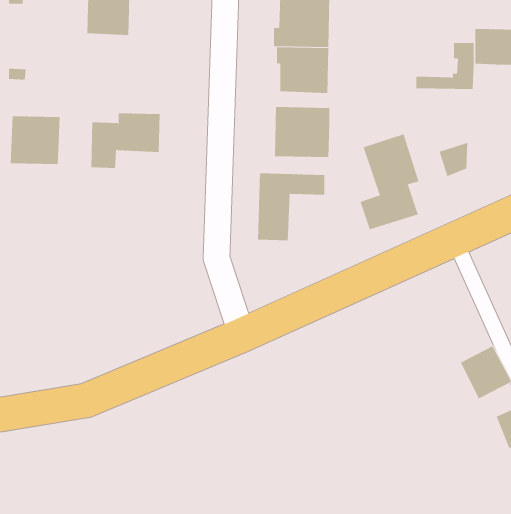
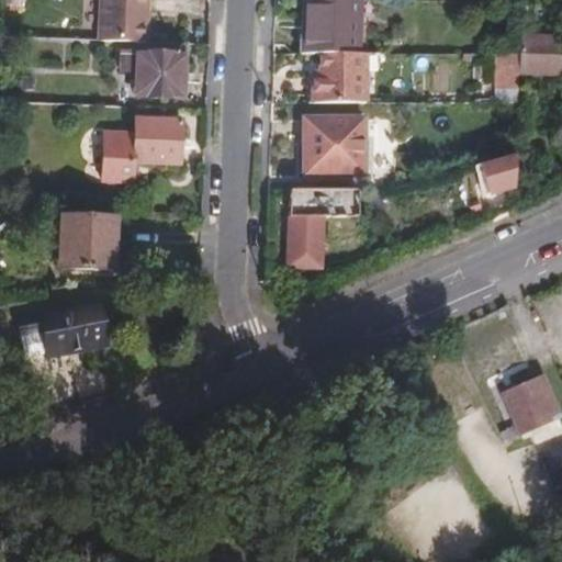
building: none -> [122,49,184,95]
building: [10,116,61,165] -> [60,216,115,269]
building: [360,133,419,230] -> none
building: none -> [16,300,108,356]

